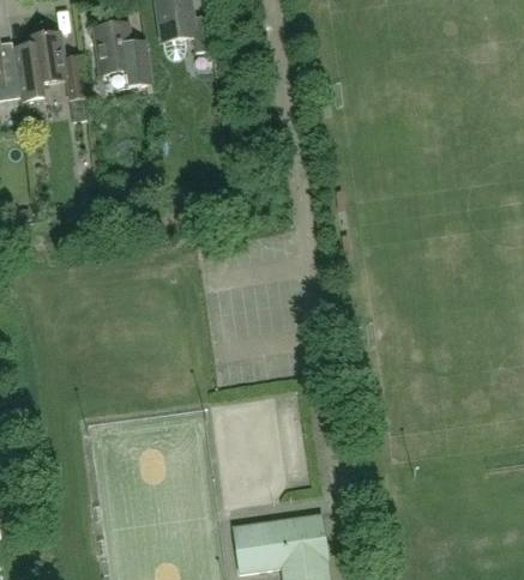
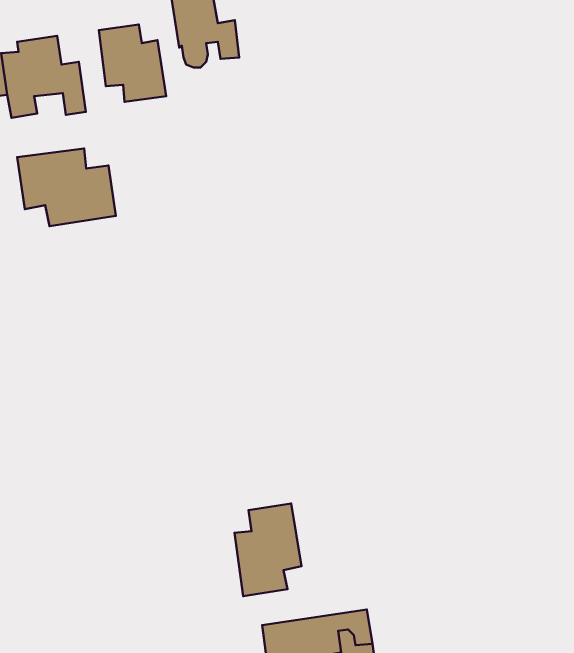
building: none -> [17,148,116,226]
building: none -> [234,504,302,596]

